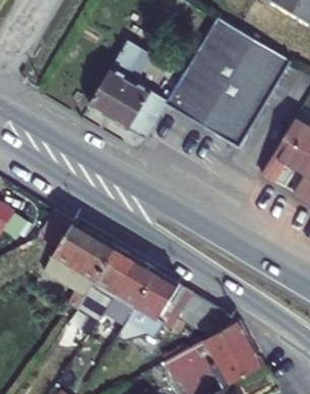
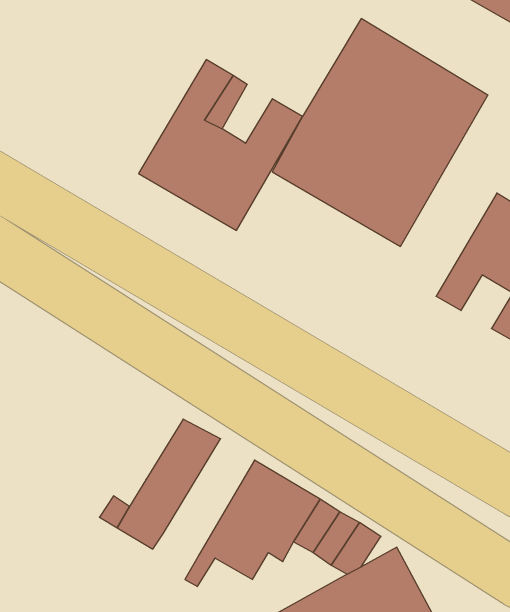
building: [38,209,115,286] -> none
building: [103,258,156,325] -> none

